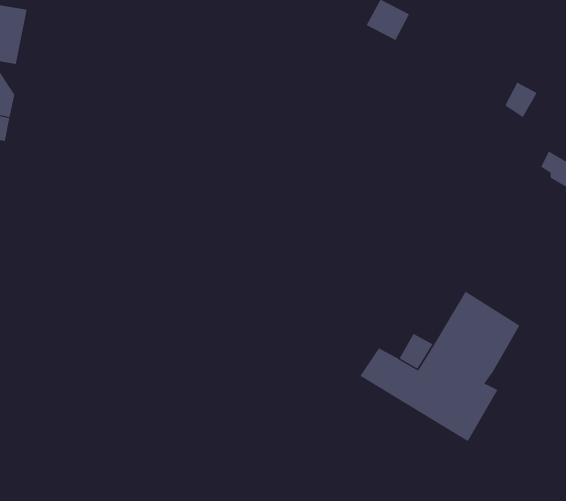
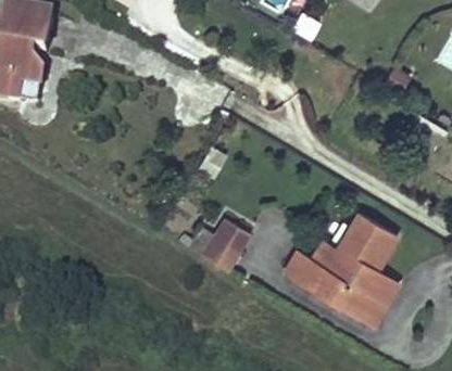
building: none -> [204,218,250,268]
building: none -> [359,269,398,324]

